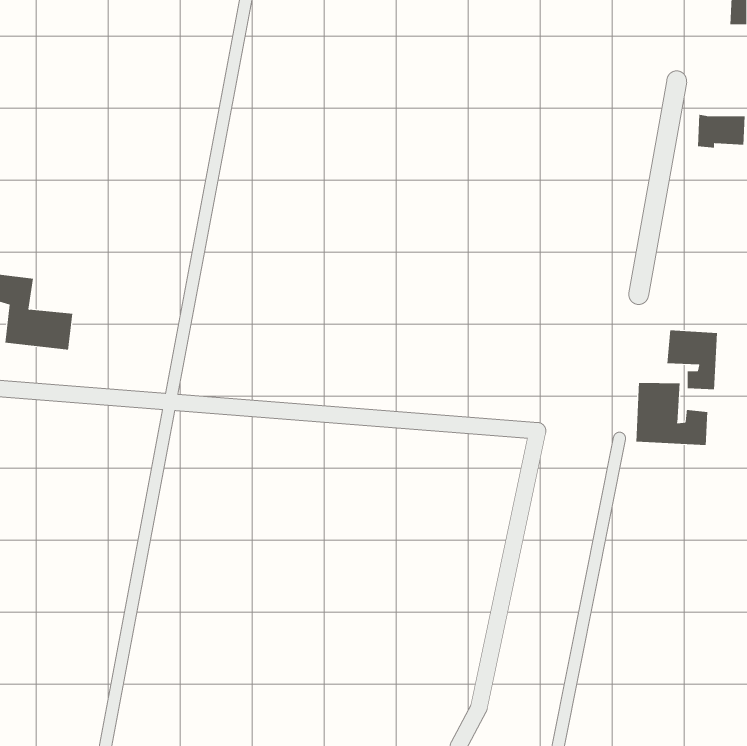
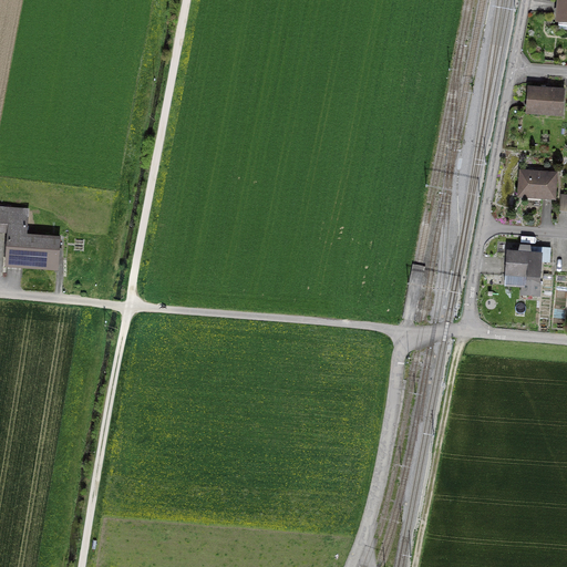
building: none -> [520,169,560,198]
building: [636,382,708,446] -> none

